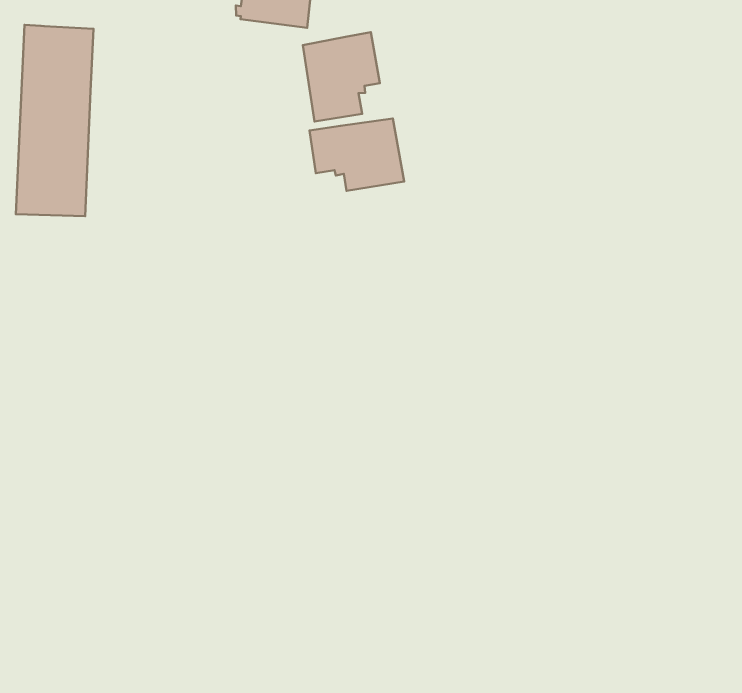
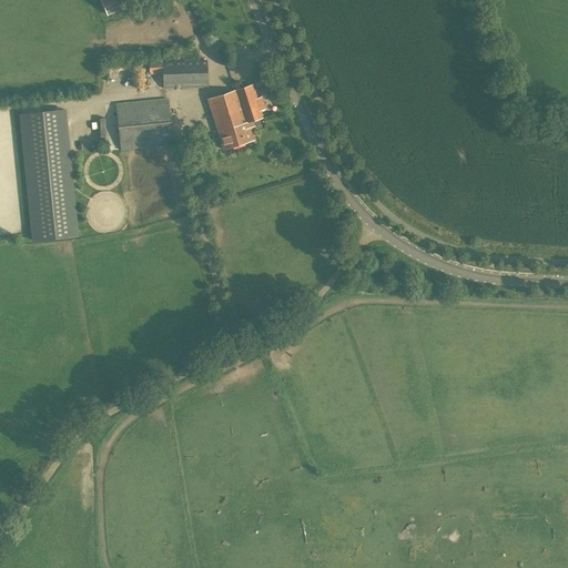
building: none -> [116,98,173,149]
building: [310,118,404,191] -> none

